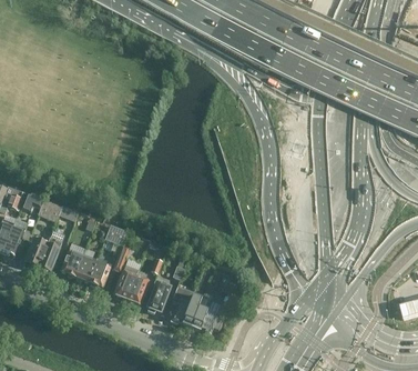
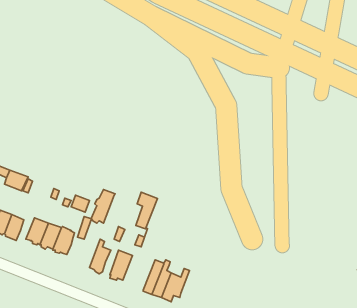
building: [114,264,139,299] -> [92,190,115,223]
building: [172,284,194,322] -> [136,192,157,229]

